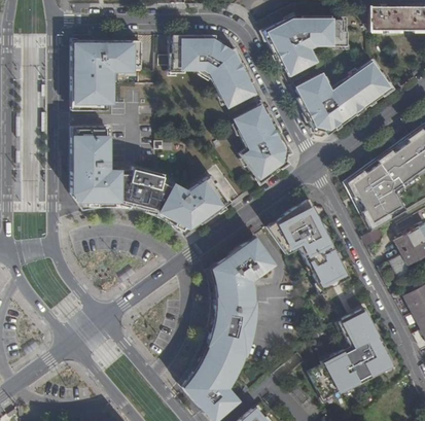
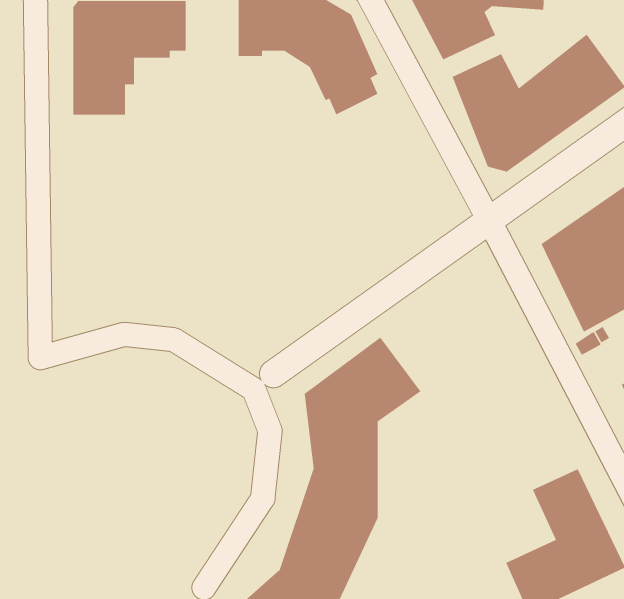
building: [237,106,289,181] -> none
building: [73,126,234,235] -> none
building: [269,196,346,290] -> none

